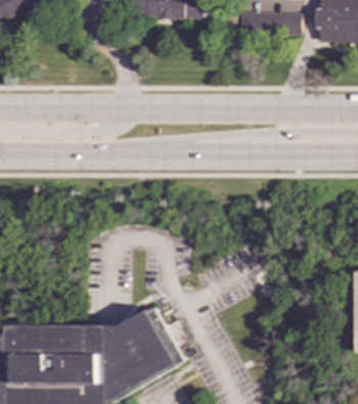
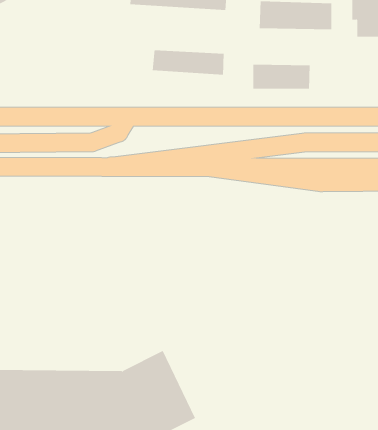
building: none -> [152,49,224,76]
building: none -> [253,64,310,90]

